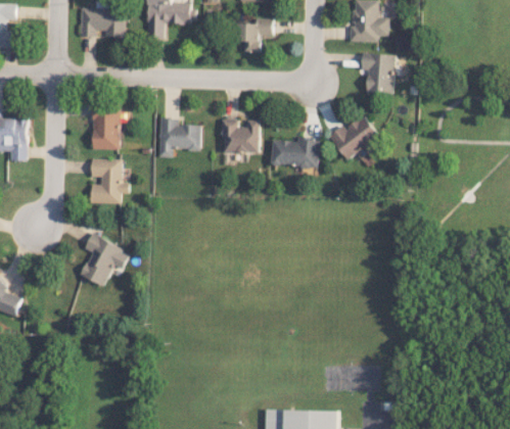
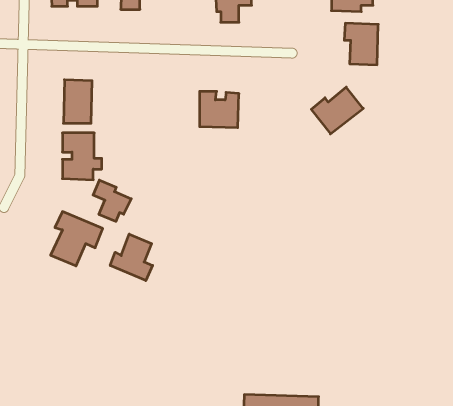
building: [159,117,201,157] -> none
building: [271,138,320,168] -> none
building: none -> [93,180,131,221]
building: none -> [110,234,153,281]

